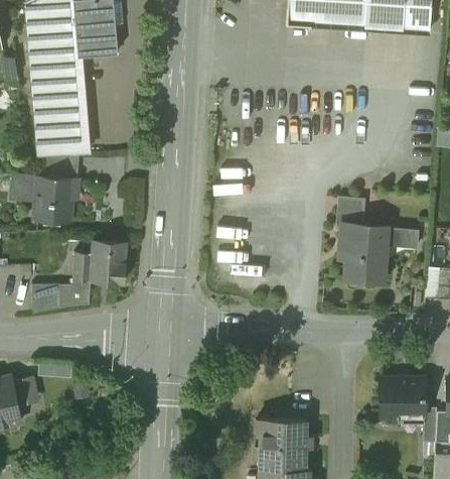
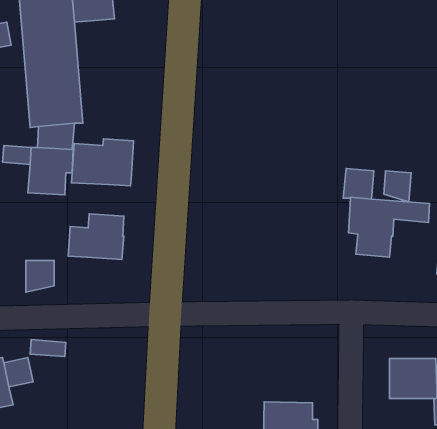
building: none -> [72,139,134,186]
building: none -> [384,171,411,202]
building: [60,279,92,308] -> none

